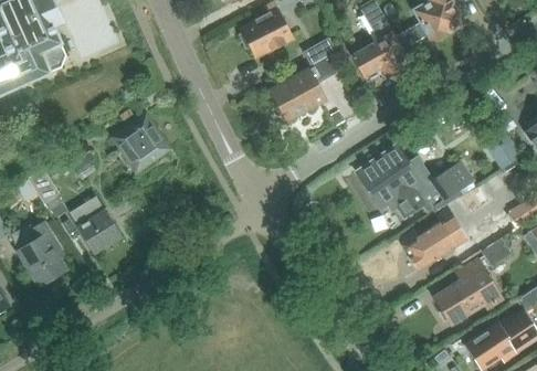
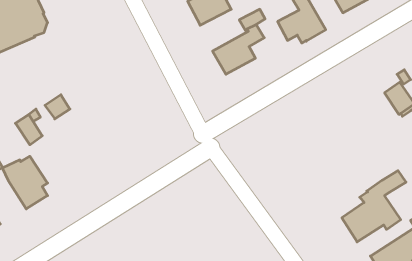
building: [110,114,171,174] -> none
building: [356,145,476,218] -> none
building: [71,197,120,253] -> none
building: [404,213,481,271] -> none

